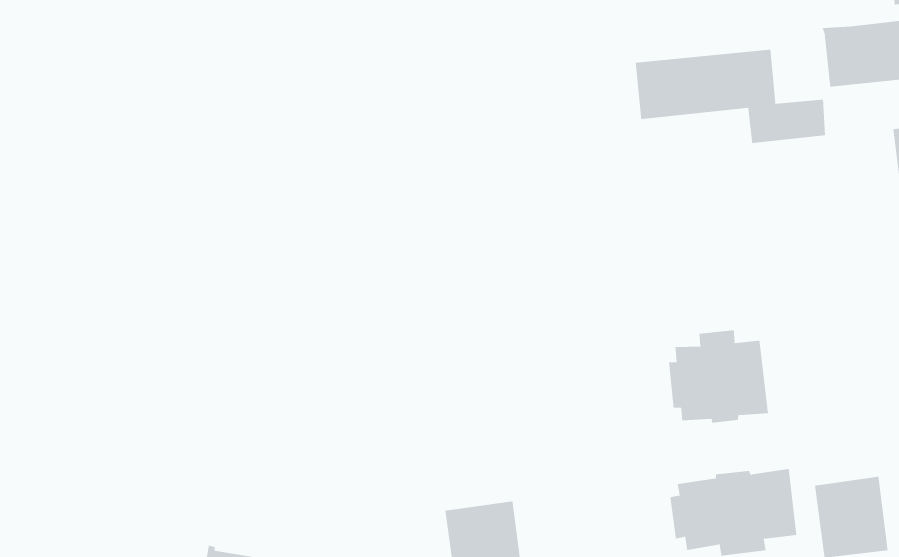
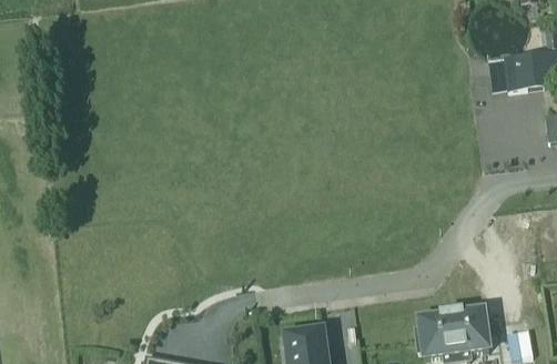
building: [635,49,825,144] -> none
building: [669,330,768,424] -> none

